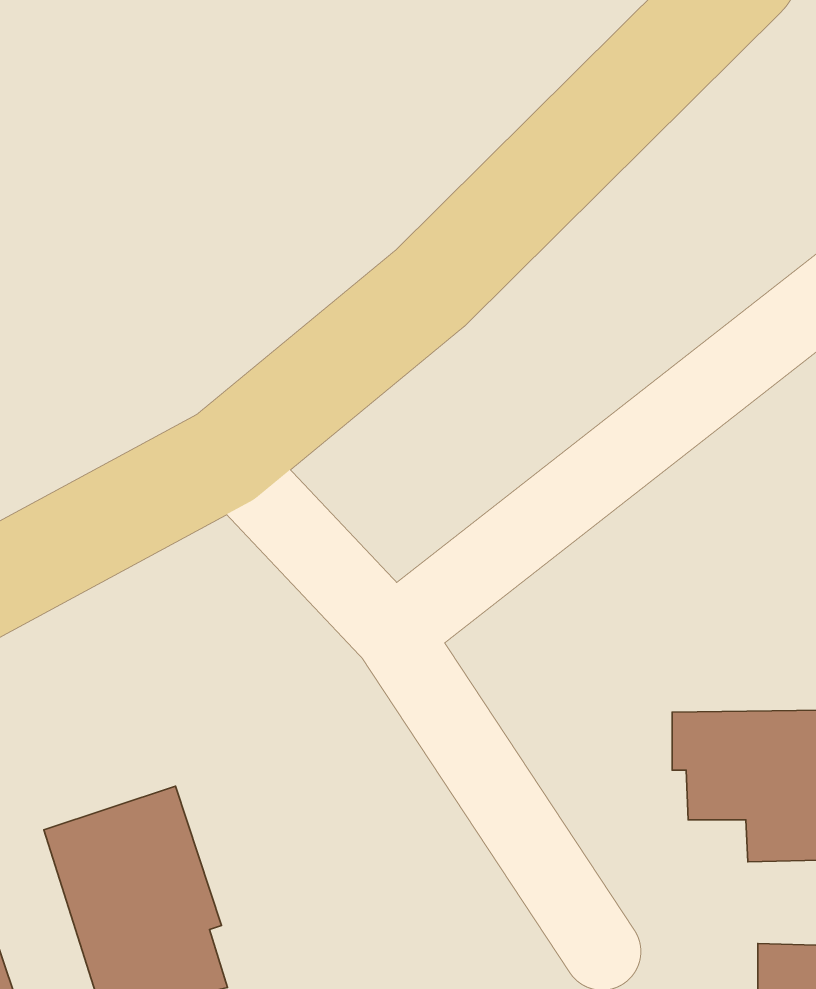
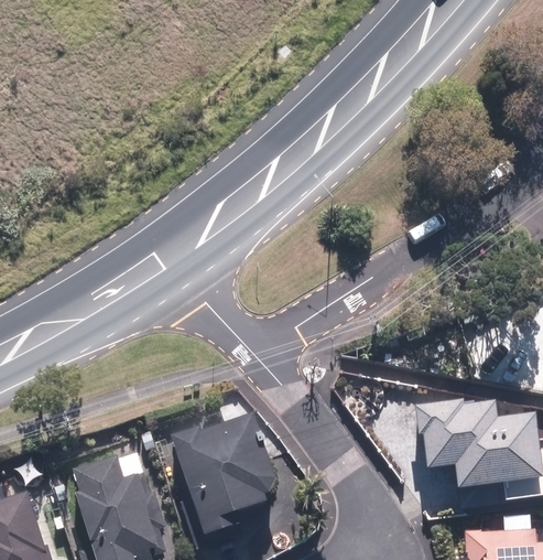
building: none -> [173,412,275,537]

